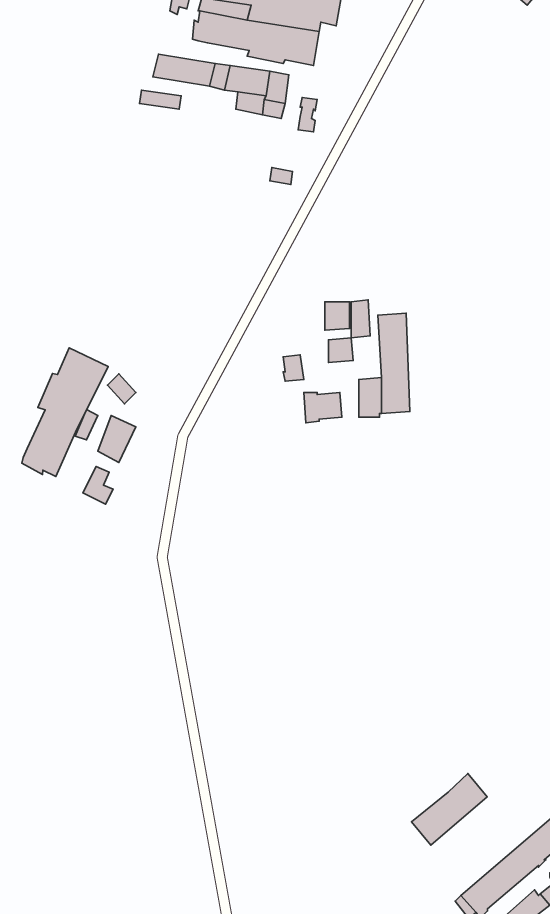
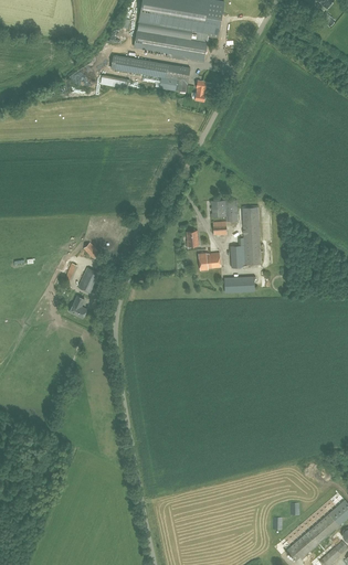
building: [22,348,108,477] -> none
building: none -> [224,276,255,292]
building: [412,773,487,845] -> none

